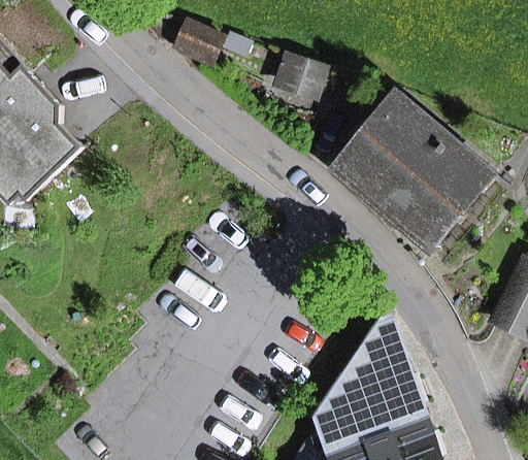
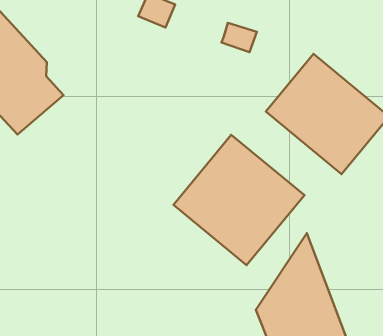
building: none -> [173,135,304,265]

